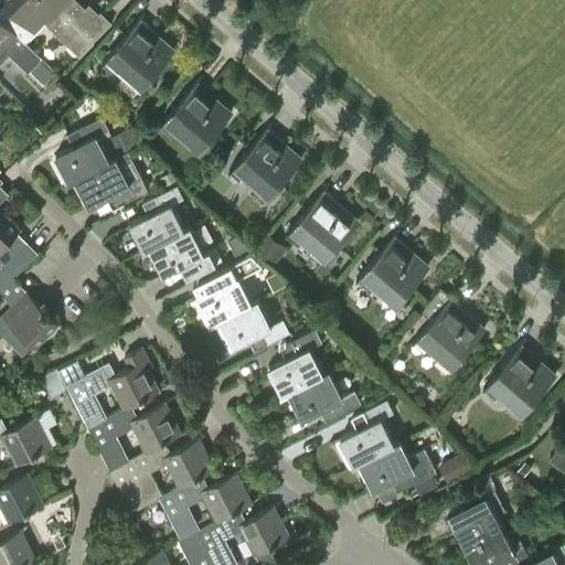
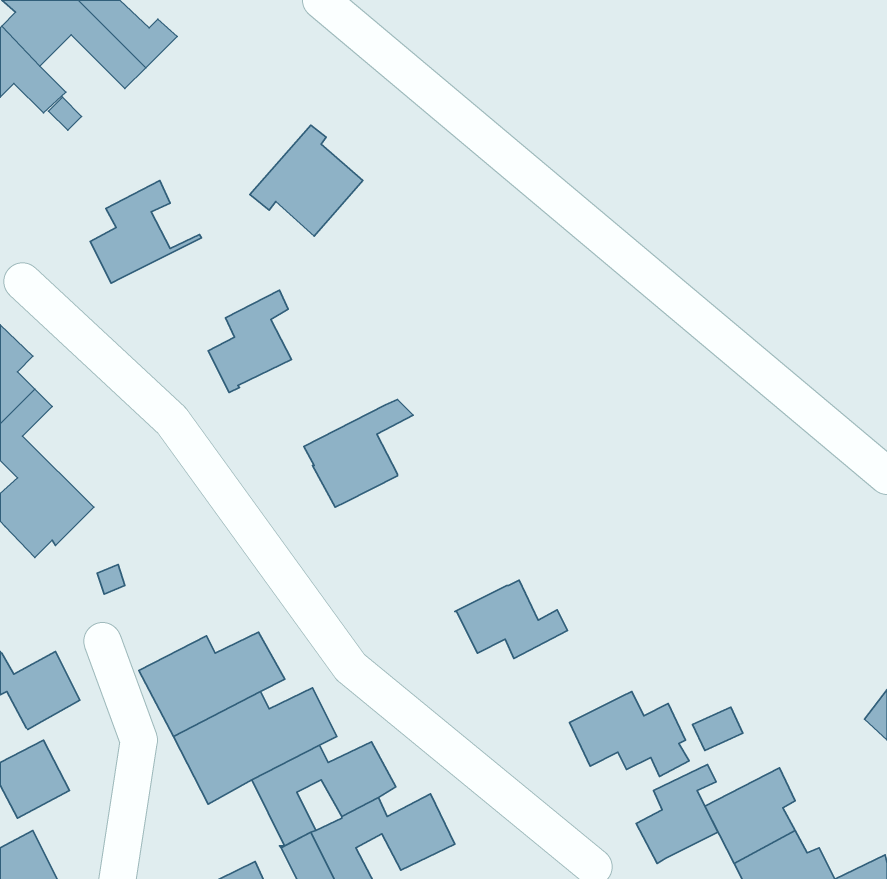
building: [103,23,173,93] -> none
building: [230,131,300,201] -> none
building: [77,157,148,212] -> none
building: [285,192,358,264] -> none
building: [151,231,223,281] -> none
building: [355,238,427,309] -> none
building: [412,292,483,372] -> none
building: [220,305,289,353] -> none
building: [270,333,322,397] -> none
building: [482,347,554,417] -> none
building: [66,352,159,431] -> none
building: [343,405,395,468] -> [636,765,718,864]

